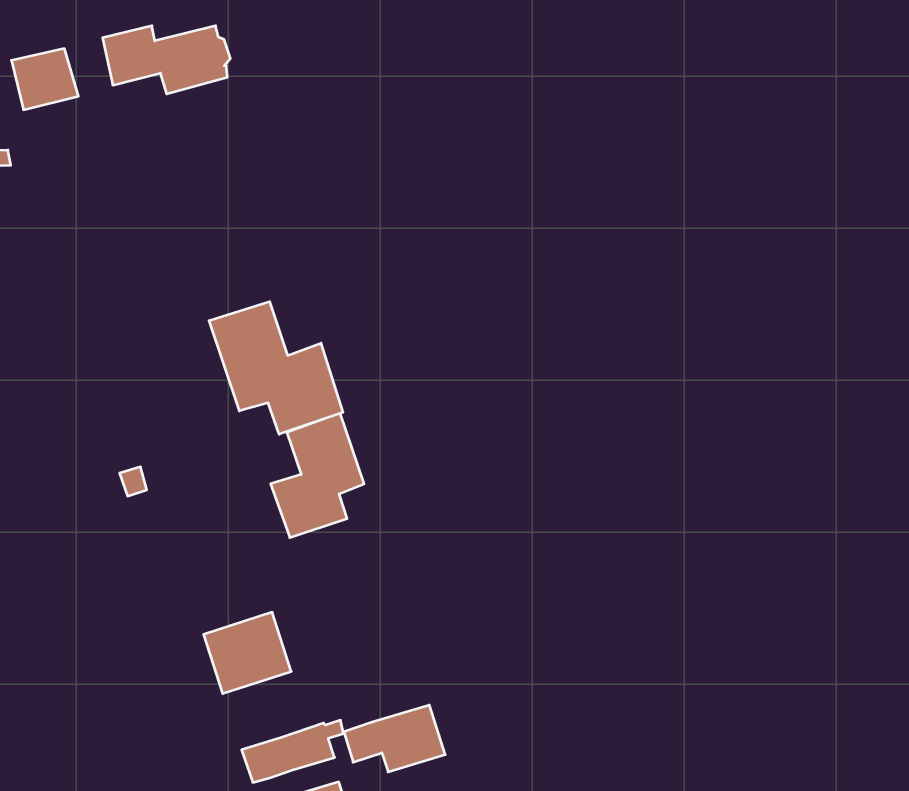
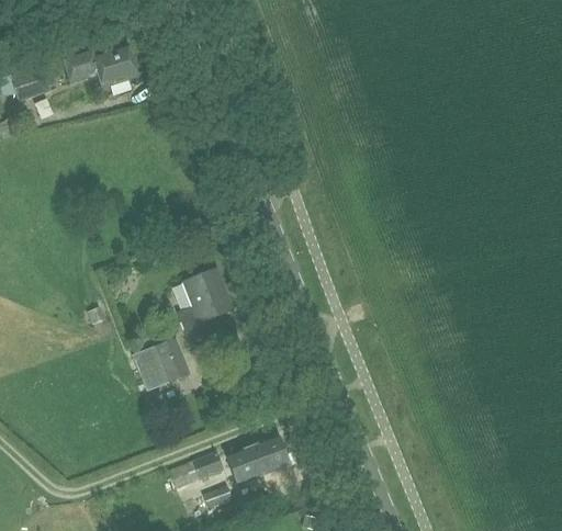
building: [209,302,343,434] -> none
building: [204,612,291,694] -> [136,338,189,387]

